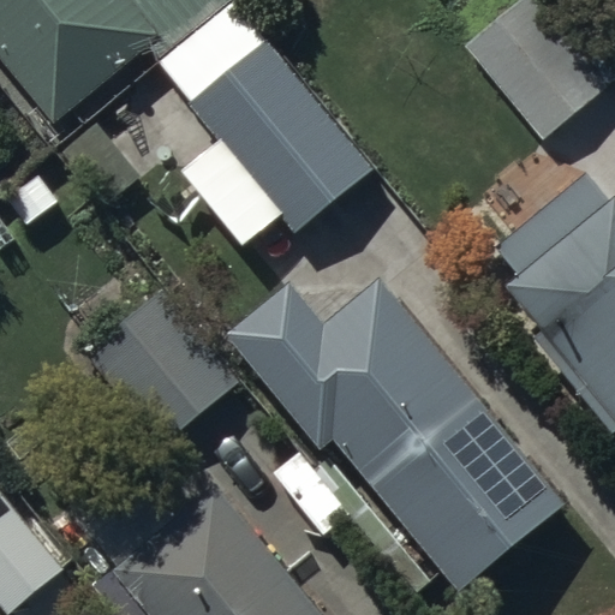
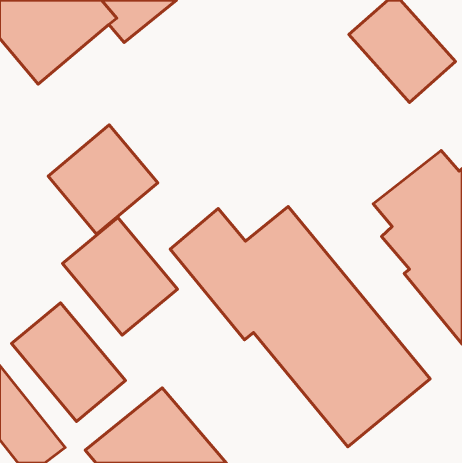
building: [192,62,374,252] -> none
building: none -> [48,125,158,234]
building: none -> [11,303,125,421]

